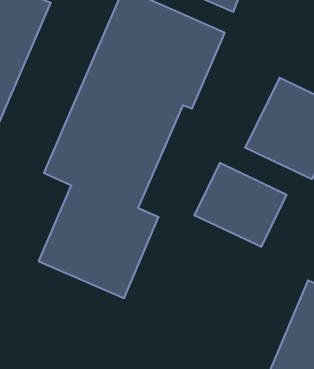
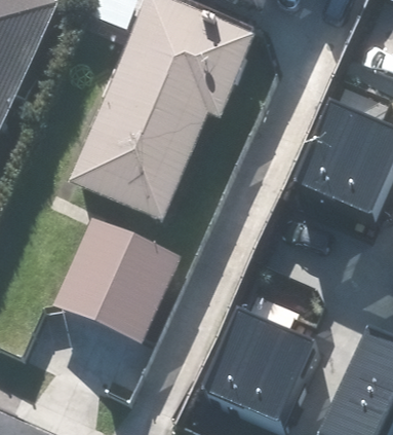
building: [194,163,286,247] -> none
building: none -> [201,309,317,427]

